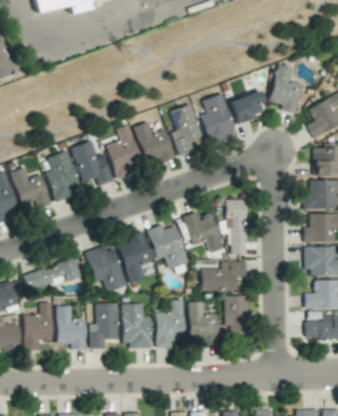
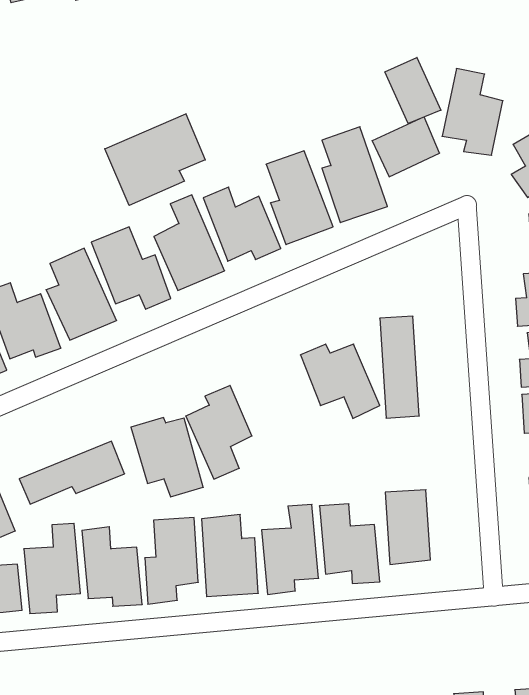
building: none -> [385,57,441,124]
building: none -> [105,114,205,205]
building: [147,224,189,269] -> none
building: [202,261,248,292] -> none

